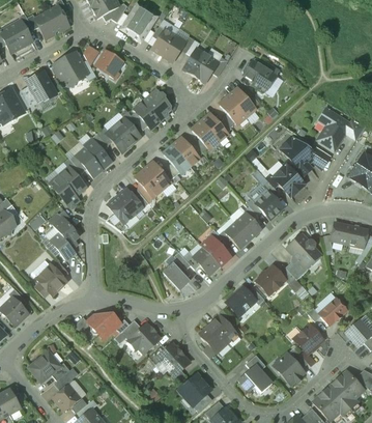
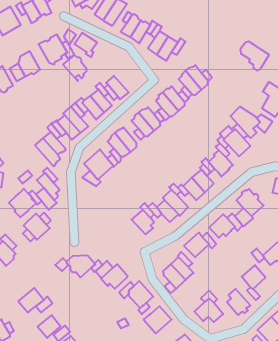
building: [242,60,277,94] -> [240,42,269,71]
building: [143,89,171,120] -> [63,55,87,81]
building: none -> [9,189,36,217]

